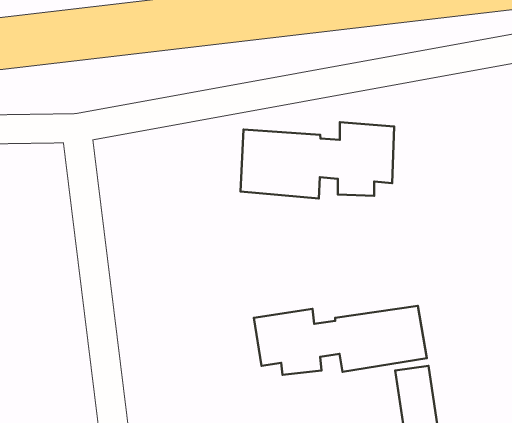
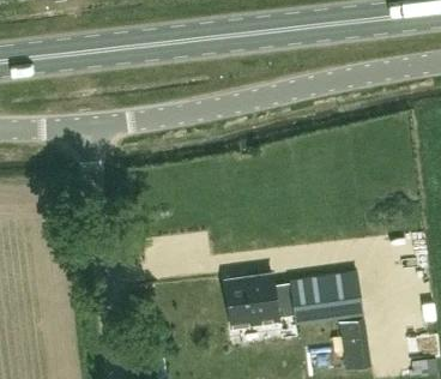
building: [241,122,394,198] -> none

